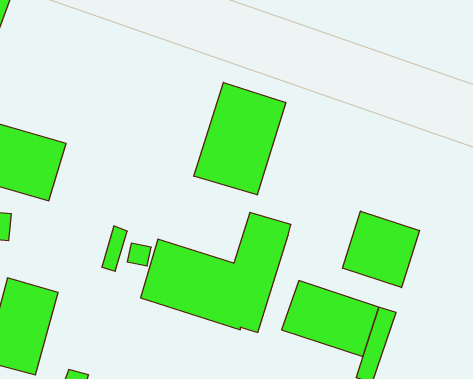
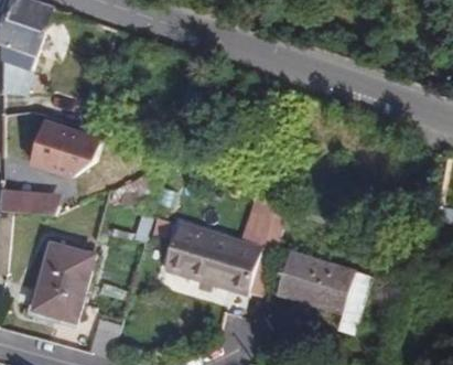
building: [194,82,286,195] -> none
building: [343,211,419,288] -> none

